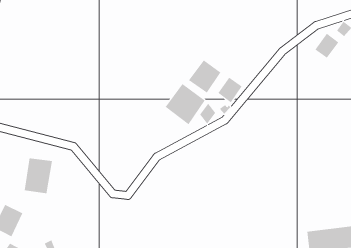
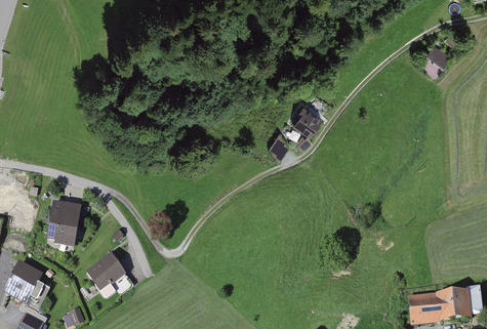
building: [188,59,221,93] -> none
building: [165,83,205,125] -> none
building: none -> [87,249,136,294]

